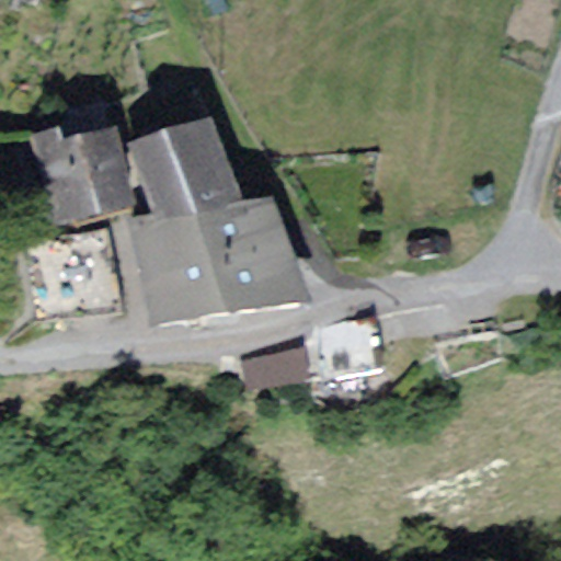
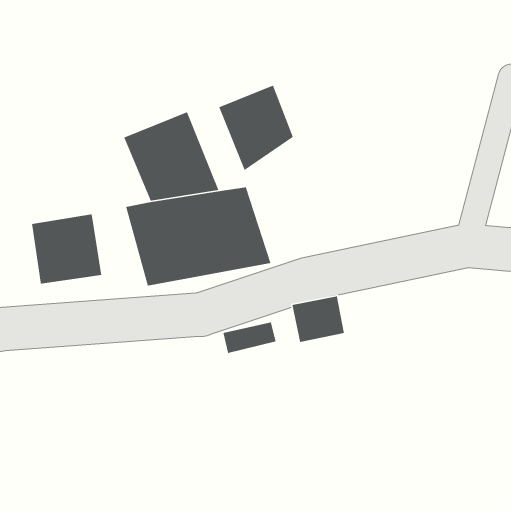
building: none -> [218,85,294,171]
building: [37,130,127,216] -> none

